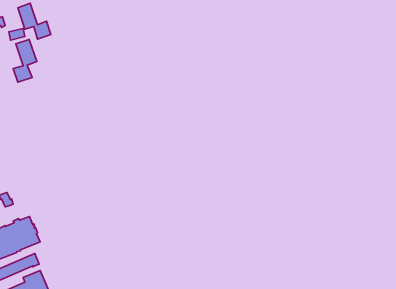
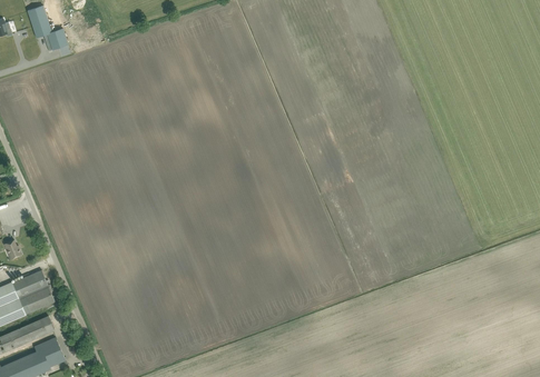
building: [13,40,37,82] -> none

